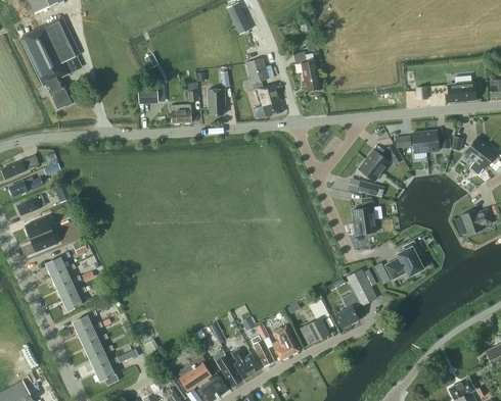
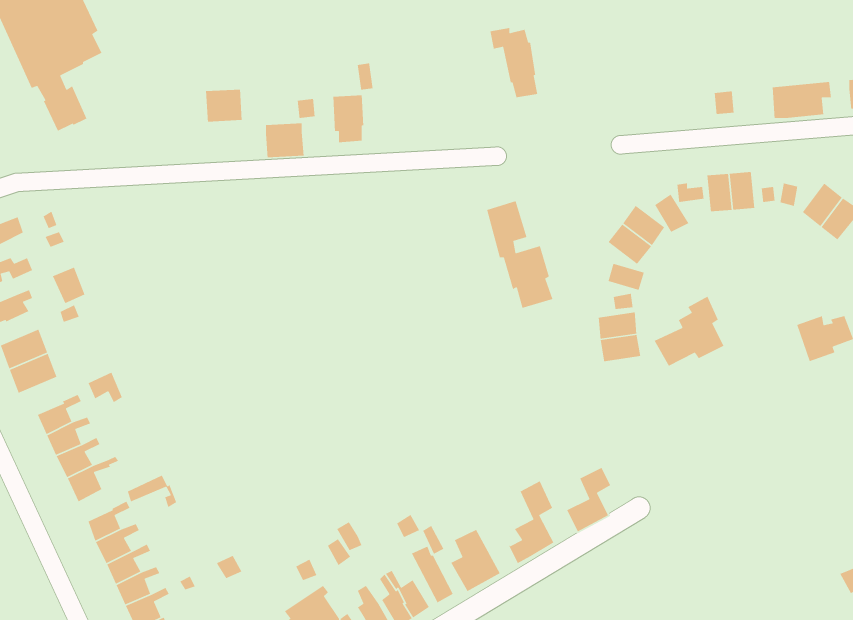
building: [246,58,283,117] -> [486,200,554,309]
building: [384,241,423,280] -> [653,296,725,367]
building: [347,269,376,305] -> none

